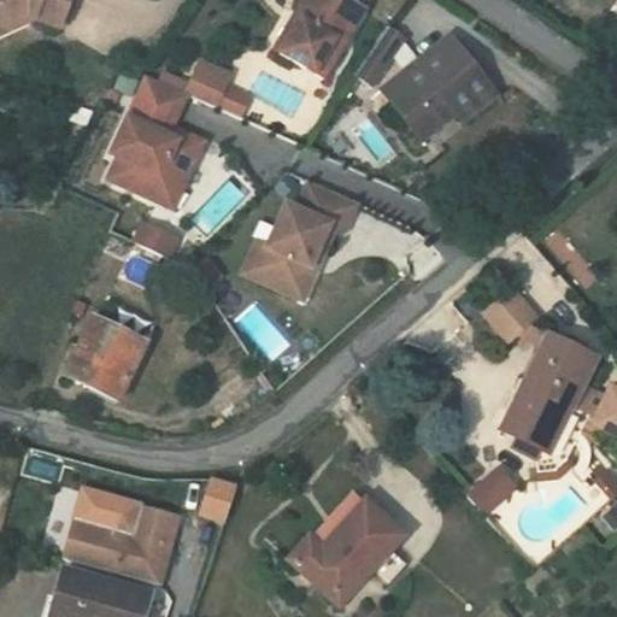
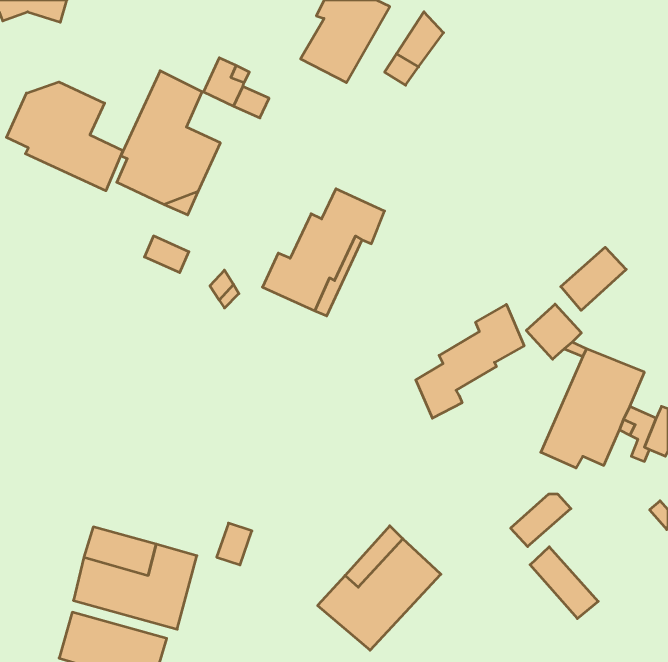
building: [381,35,493,137] -> none
building: none -> [6,82,123,191]
building: none -> [561,247,626,310]
building: none -> [416,304,524,418]
building: [69,311,153,395] -> none
building: none -> [530,547,598,619]

